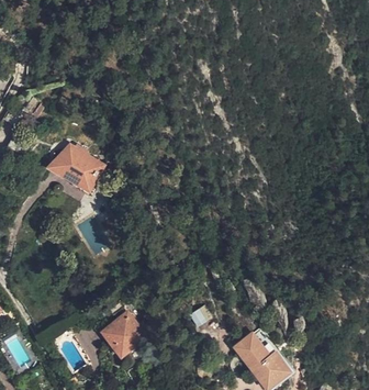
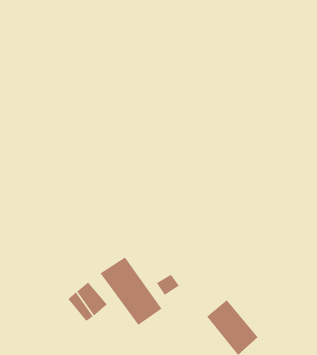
building: [48,145,98,191] -> none
building: none -> [100,256,163,326]

